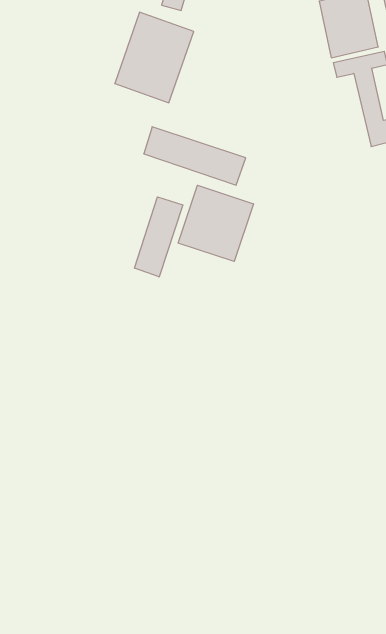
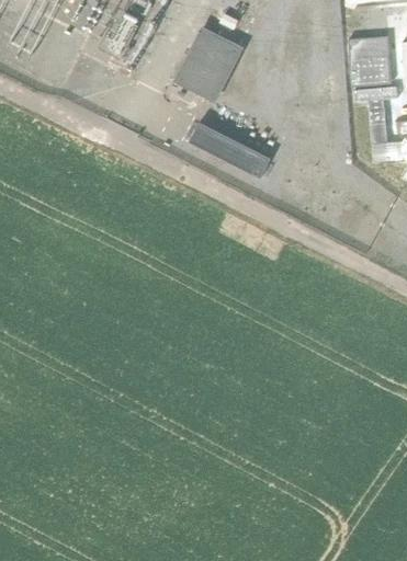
building: [178,185,253,261] -> none
building: [135,197,183,277] -> none

